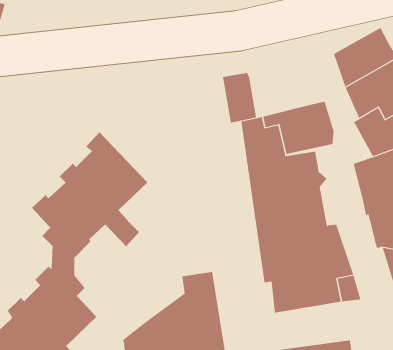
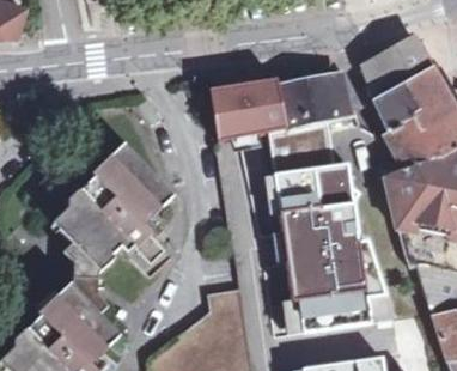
building: none -> [278,71,354,128]
building: none -> [208,86,257,142]

